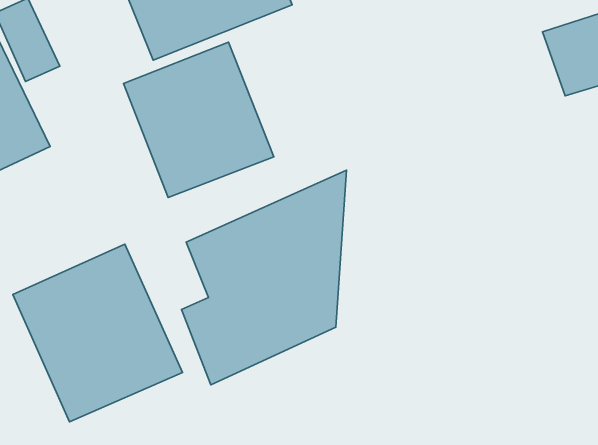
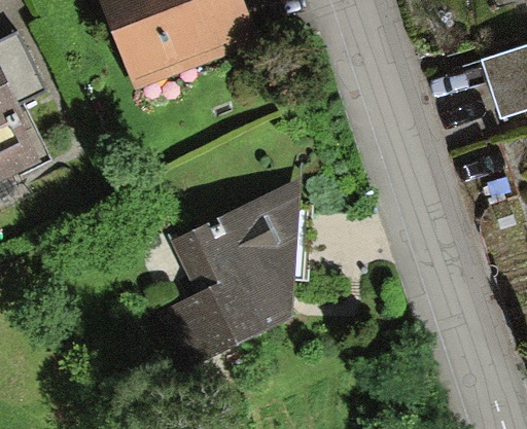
building: [124,42,274,198] -> none
building: [13,244,182,422] -> none

